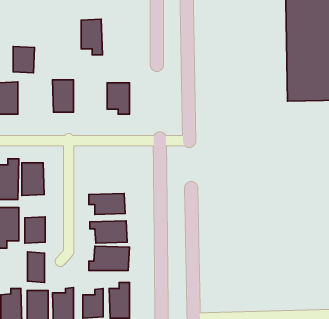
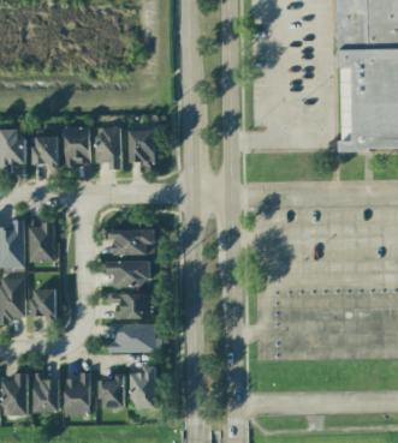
building: [81,19,102,55] -> [96,126,121,168]
building: [13,47,34,73] -> [32,134,58,166]
building: none -> [111,227,154,253]
building: [28,252,45,282] -> none

